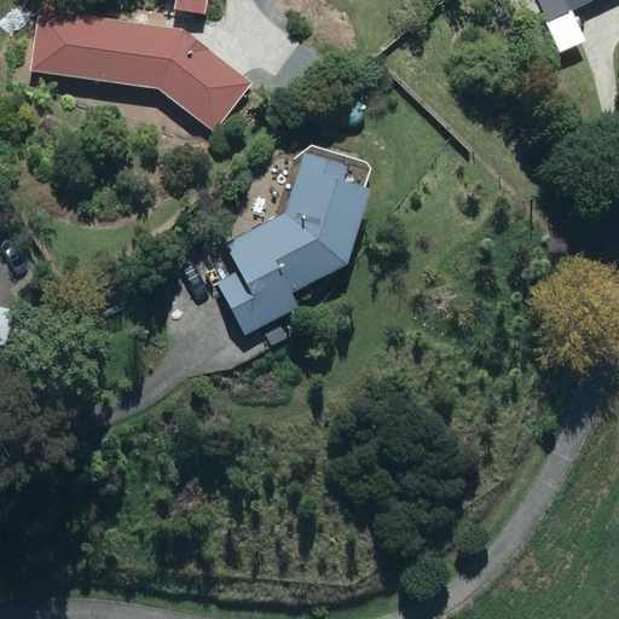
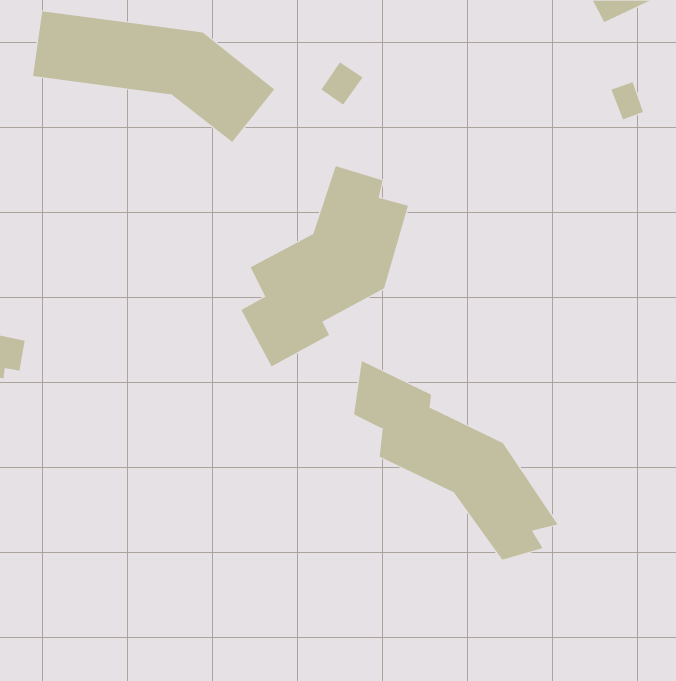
building: none -> [354,360,559,561]

